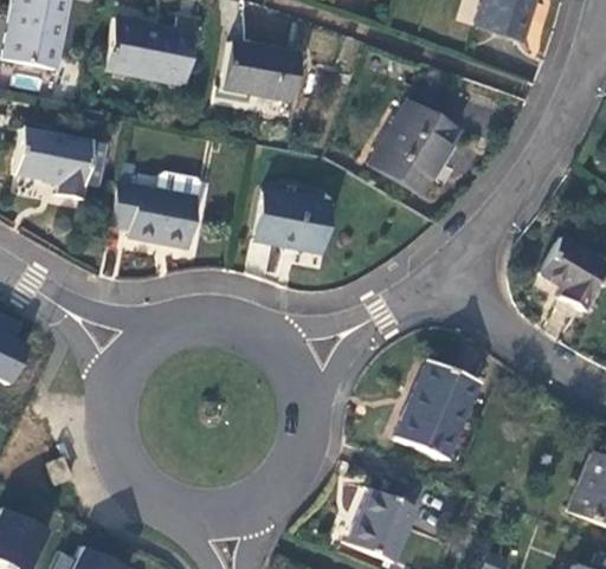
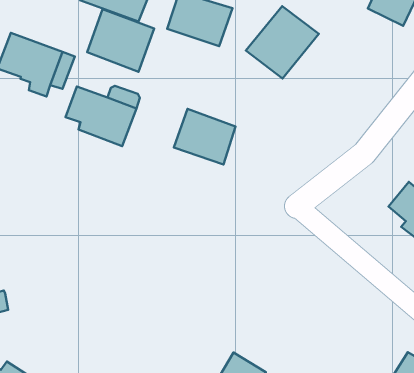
building: none -> [87,9,154,72]
building: [369,101,459,193] -> [246,6,319,78]
building: [395,361,481,460] -> none

